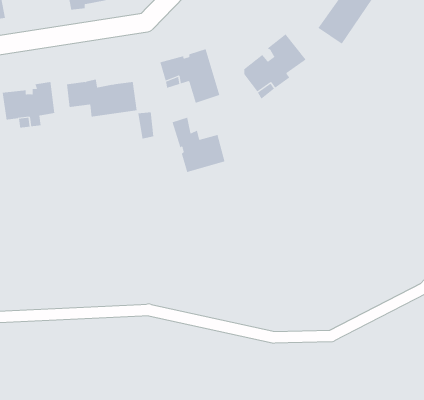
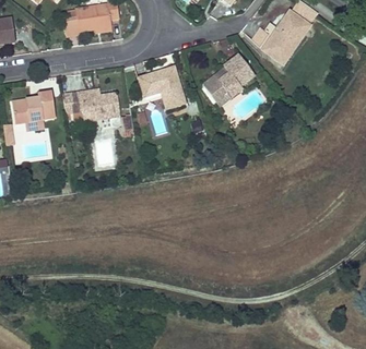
building: [172,117,225,173] -> none

